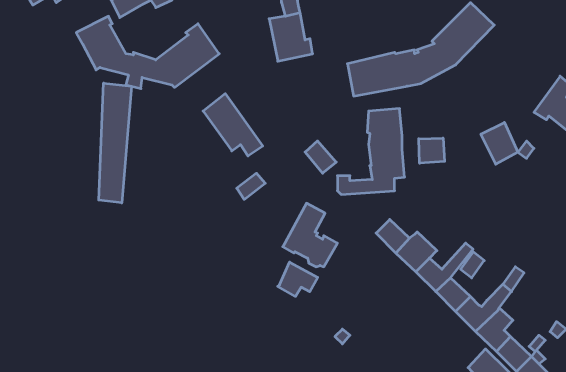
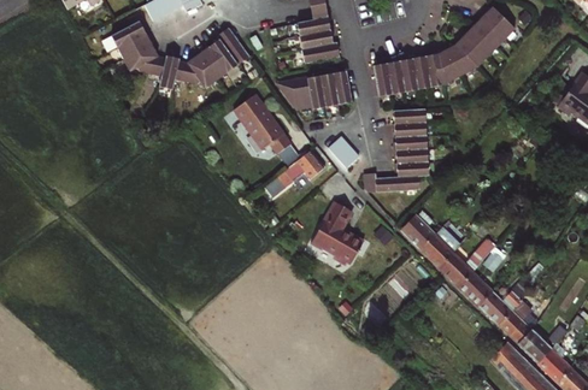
building: none -> [280,71,352,110]
building: [99,83,131,203] -> none
building: [481,122,518,164] -> none
building: [419,138,445,163] -> none
building: none -> [284,149,325,181]
building: [278,262,318,296] -> none

